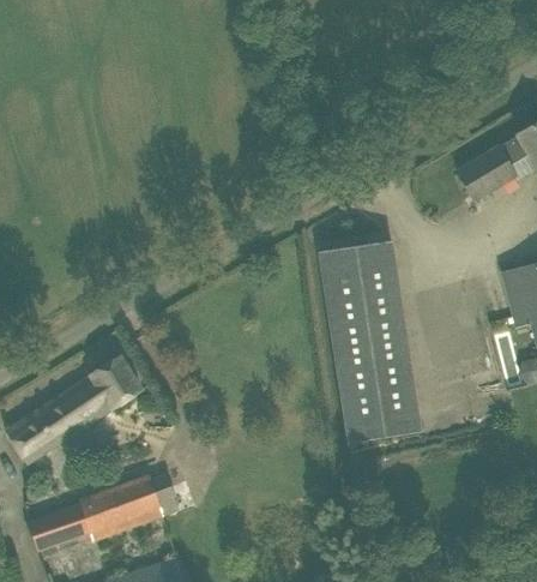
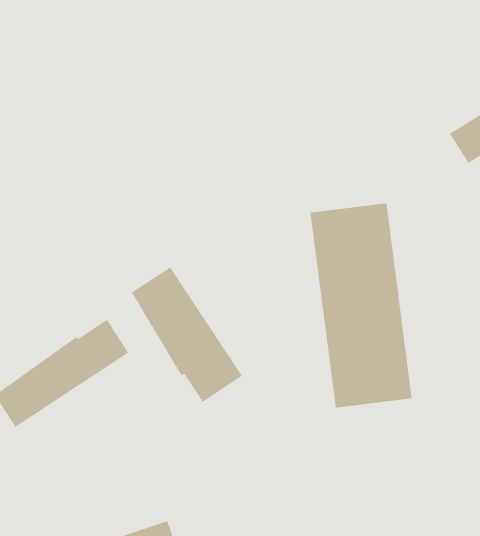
building: none -> [131,266,243,403]
building: [28,478,163,551] -> none

